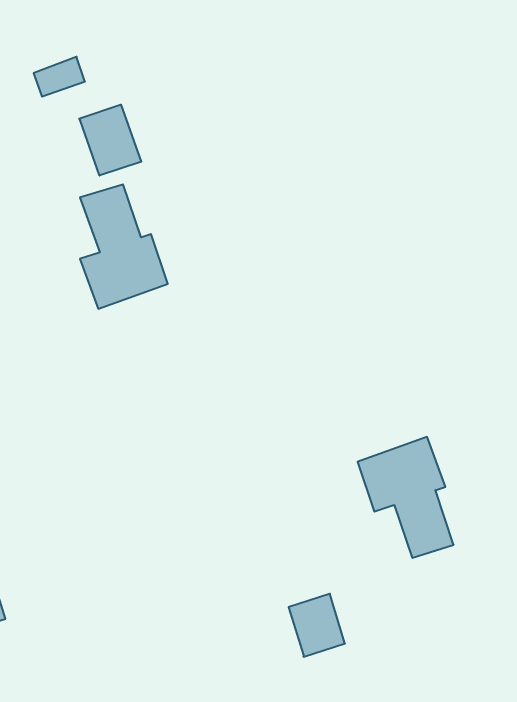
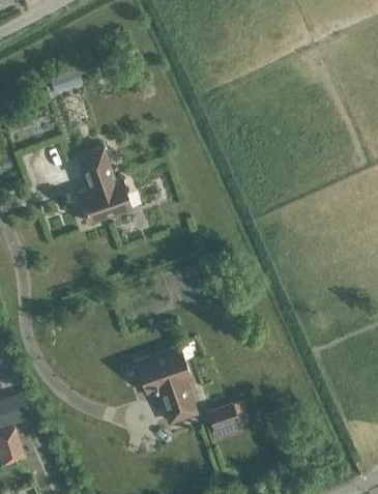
building: [79,105,141,176] -> none
building: [358,437,454,558] -> [135,347,195,423]

